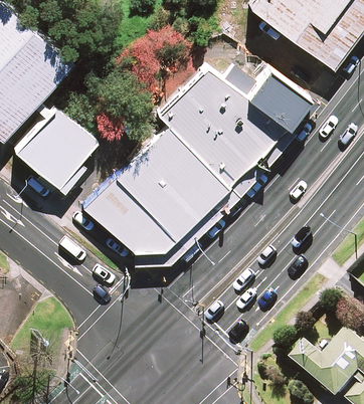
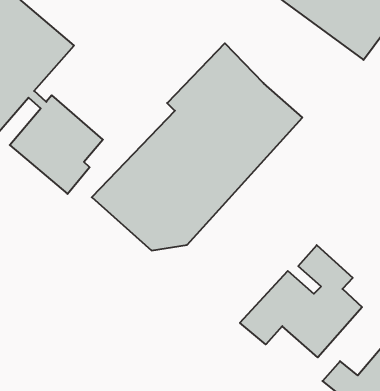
building: [243,62,305,124] -> none
building: none -> [240,245,362,357]

